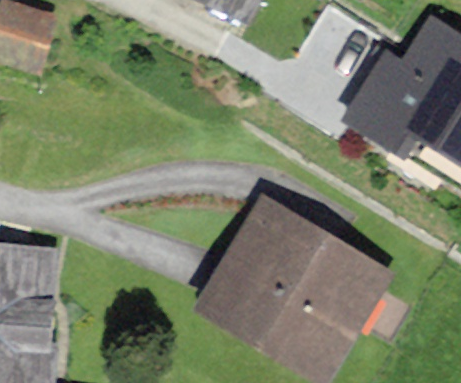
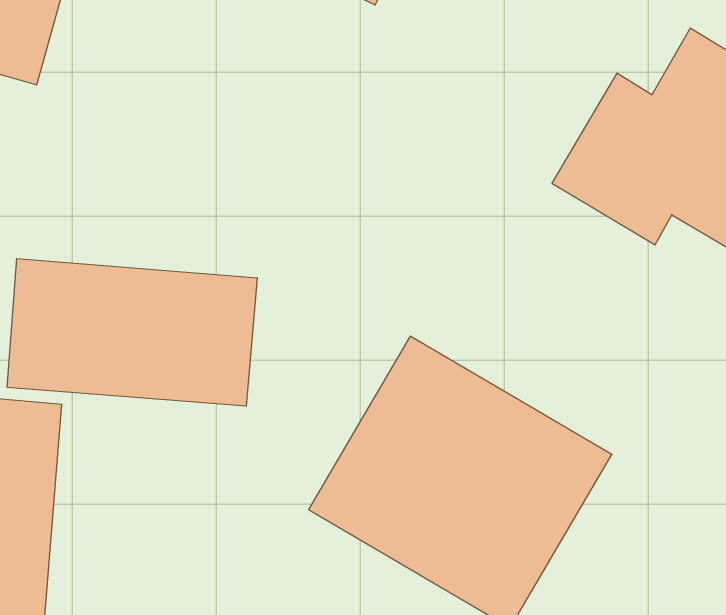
building: none -> [7,259,257,406]

